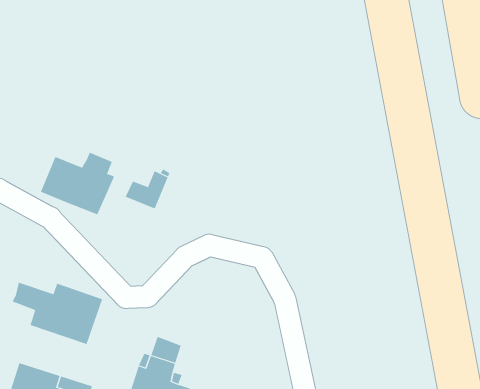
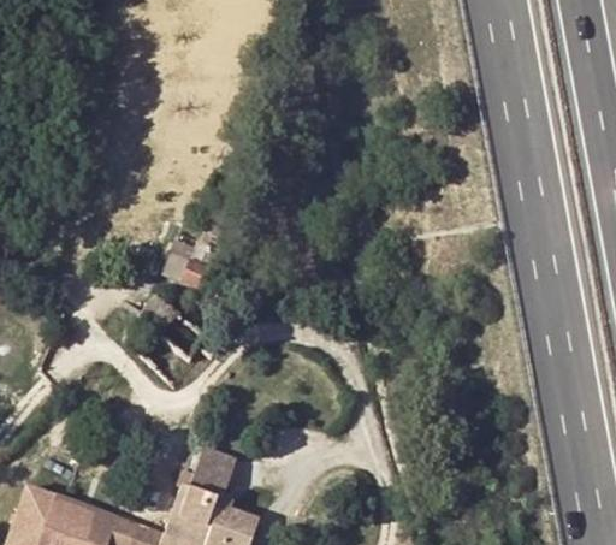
building: [40,152,115,215] -> none
building: [12,282,103,345] -> none

